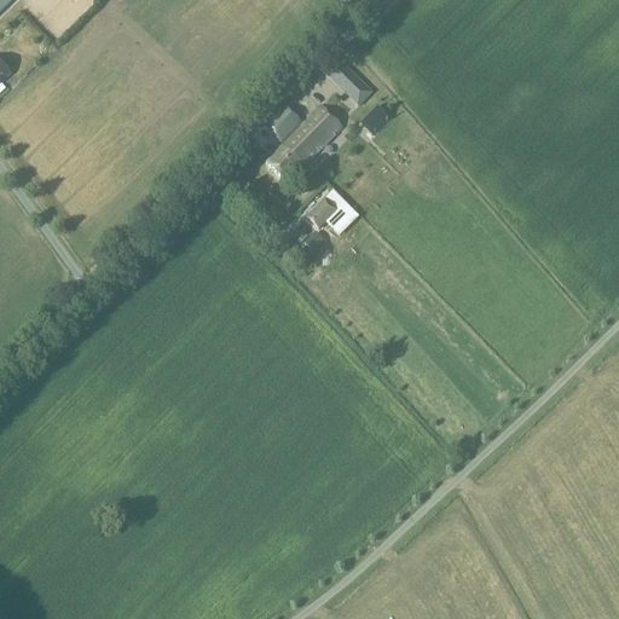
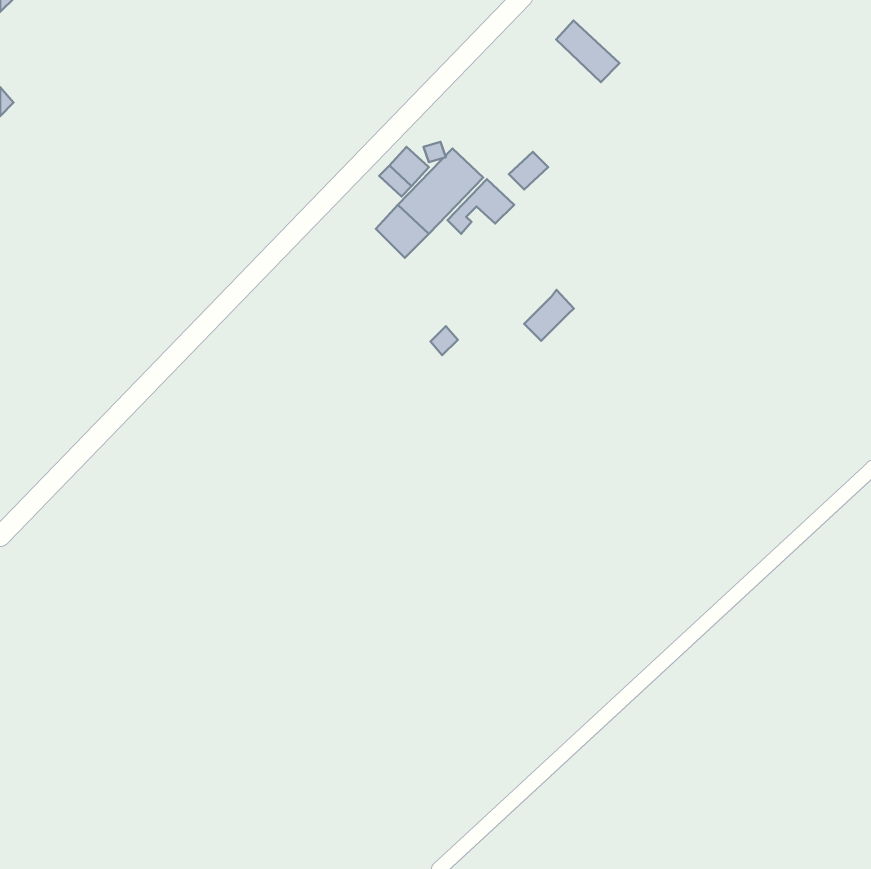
building: [330,59,375,103] -> [556,21,619,82]
building: [307,193,342,230] -> [524,290,574,341]

